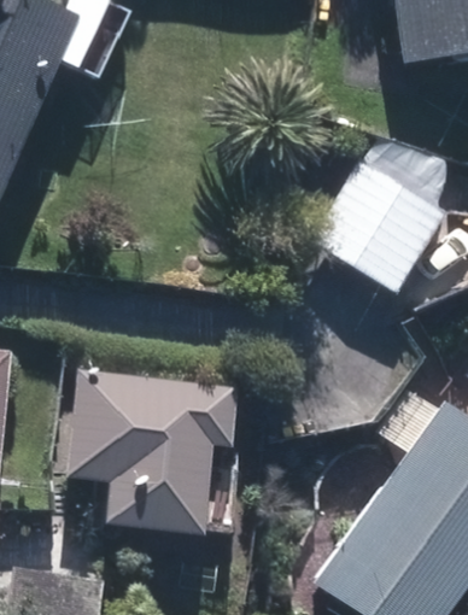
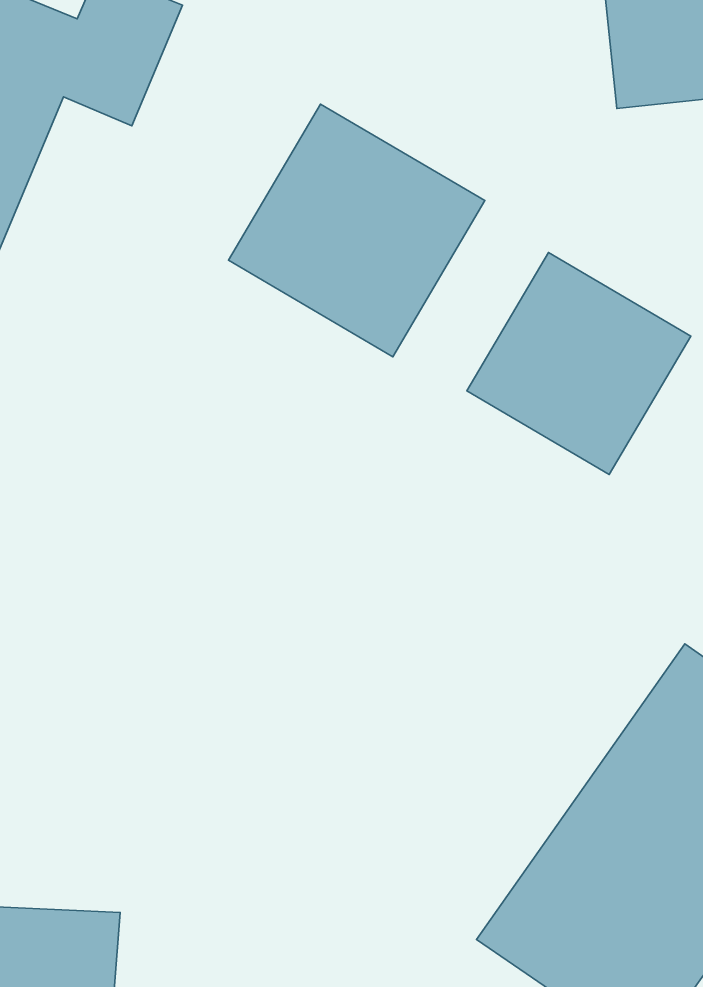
building: none -> [228,104,485,357]
building: [70,376,234,532] -> none

